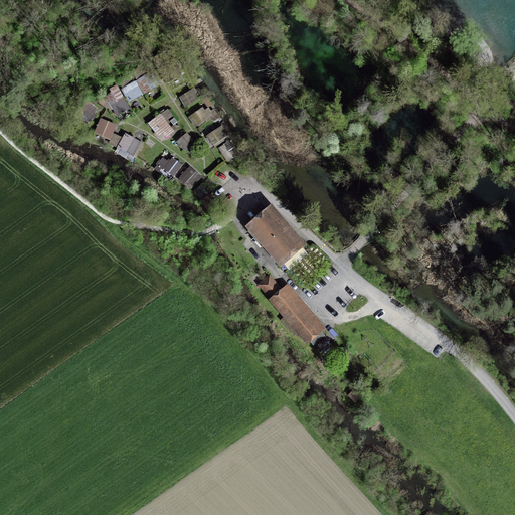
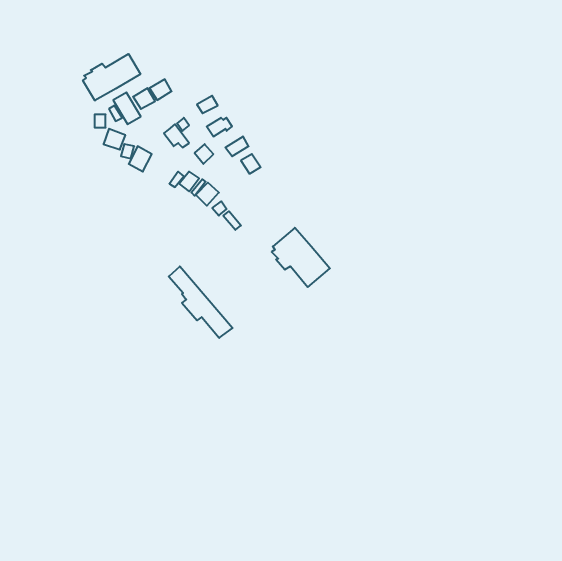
building: none -> [83,54,140,101]
building: [260,276,318,341] -> [169,266,233,338]

